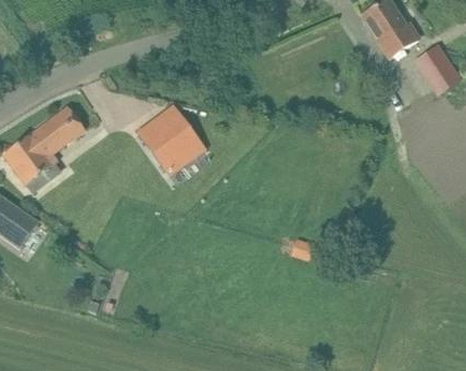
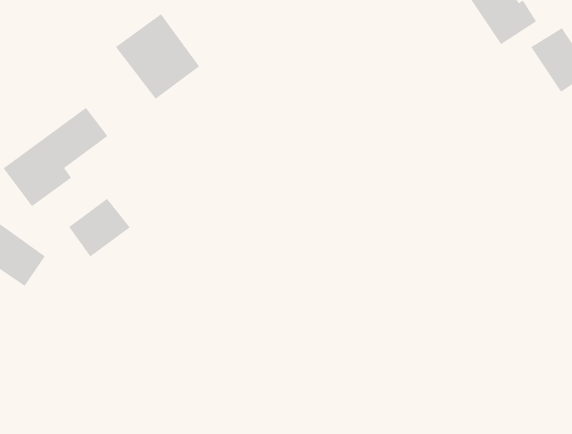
building: [138,106,204,174] -> [115,13,200,100]
building: none -> [68,198,131,257]

